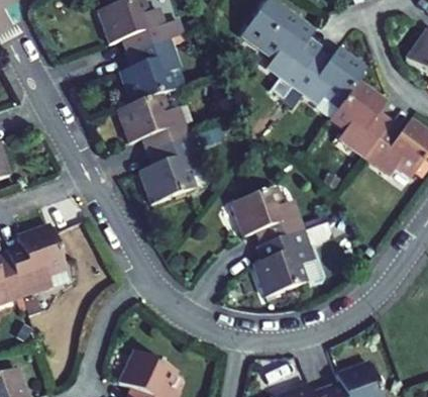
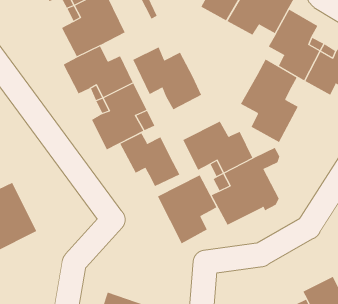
building: none -> [133,47,203,110]
building: none -> [240,58,299,143]
building: none -> [120,132,180,187]
building: none -> [157,175,217,244]

